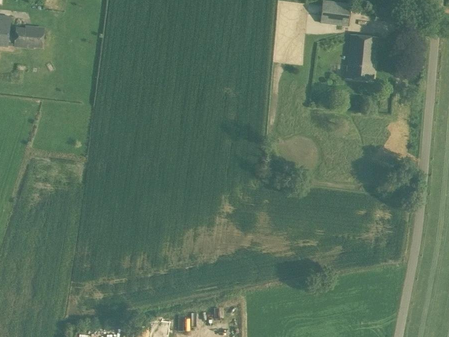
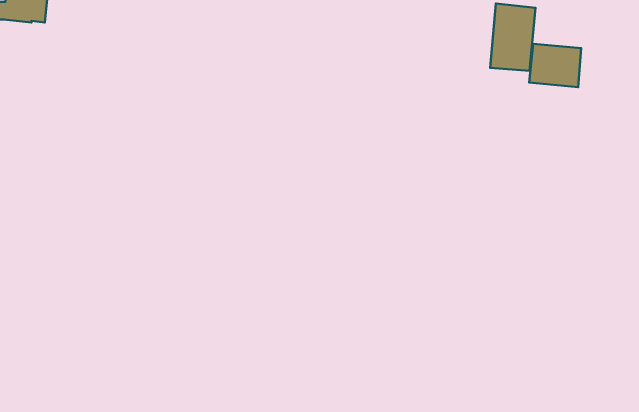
building: none -> [529,44,581,87]

